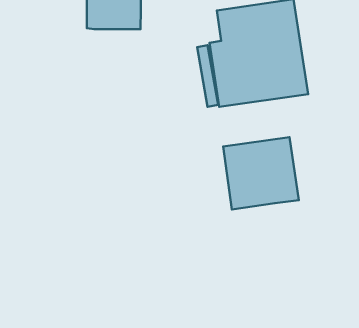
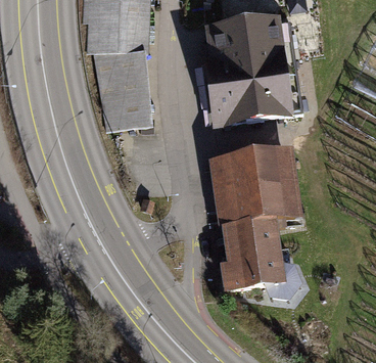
building: none -> [95,48,152,128]
building: none -> [224,218,297,296]

